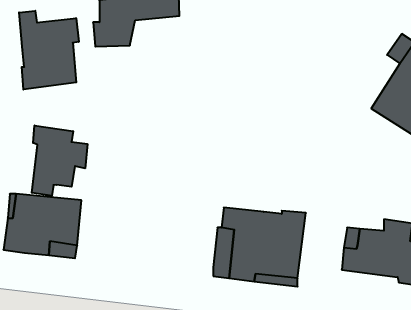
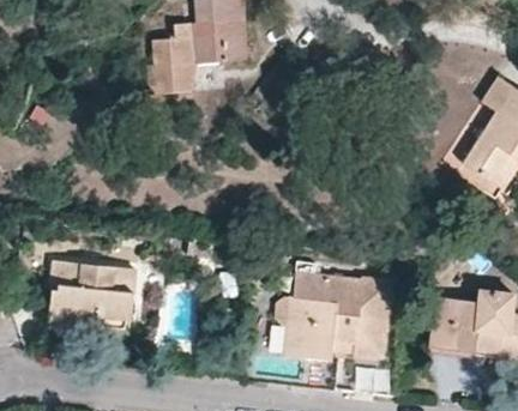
building: [19,11,79,90] -> none
building: [32,125,87,196] -> none

